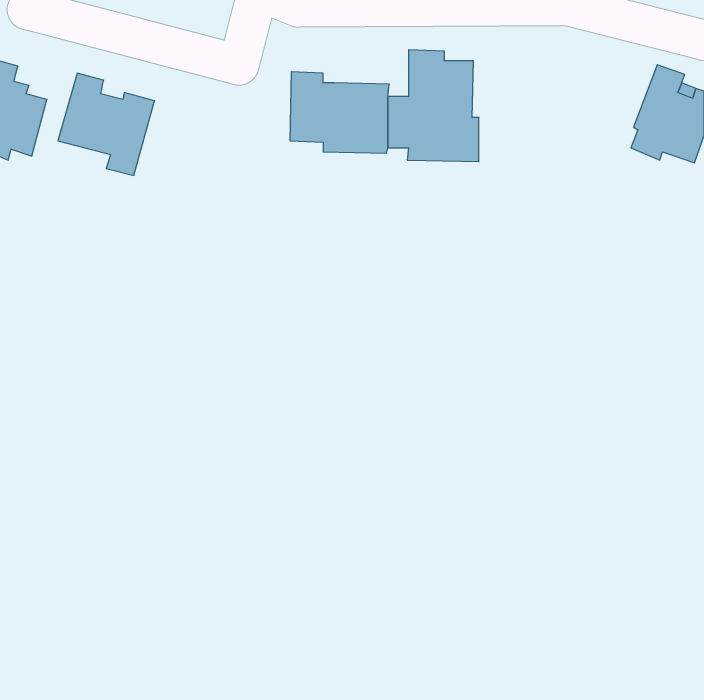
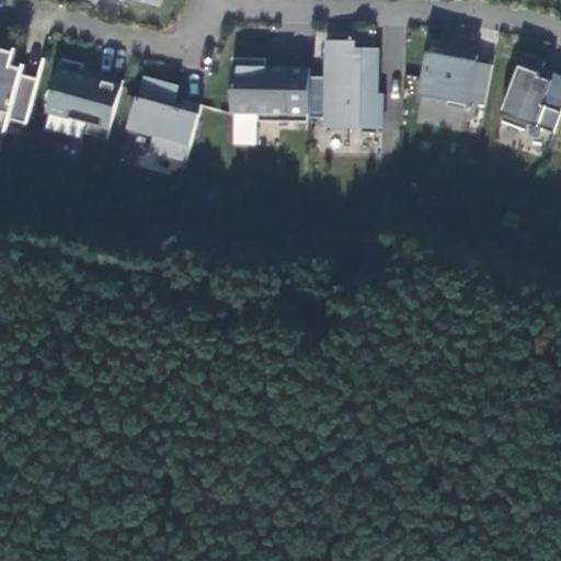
building: none -> [419,49,490,107]
building: none -> [131,77,201,163]

